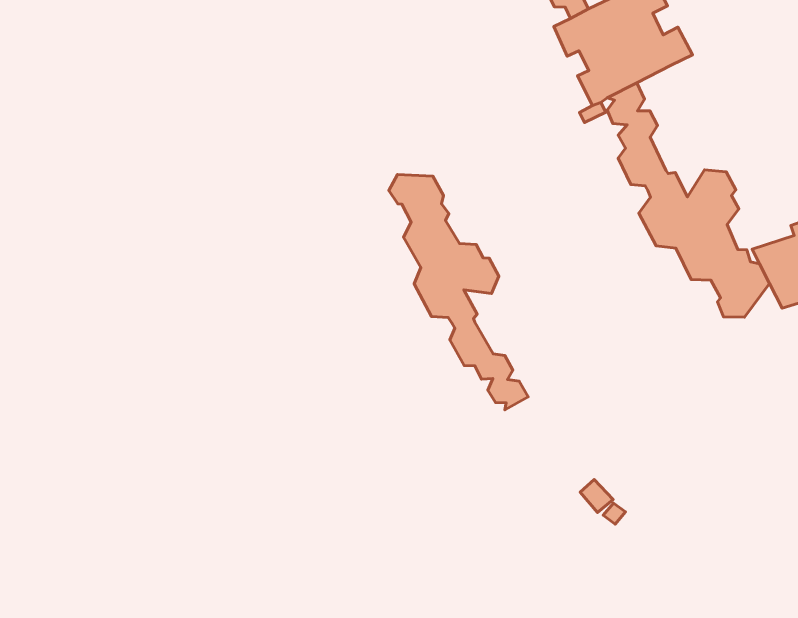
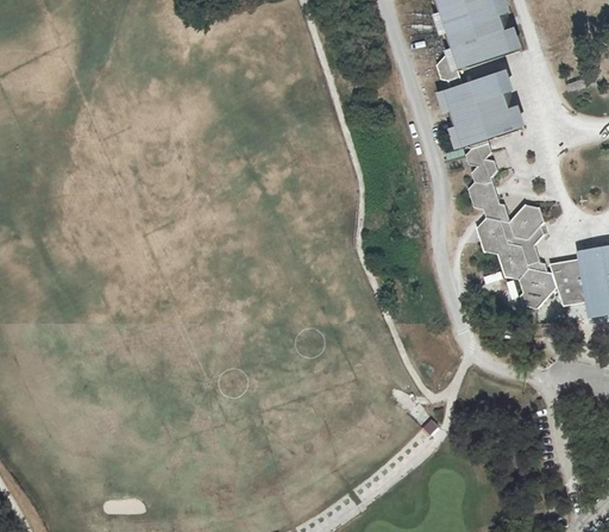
building: [389,174,528,410] -> none

